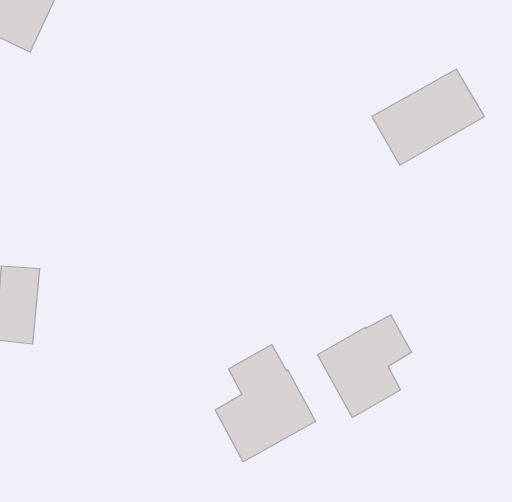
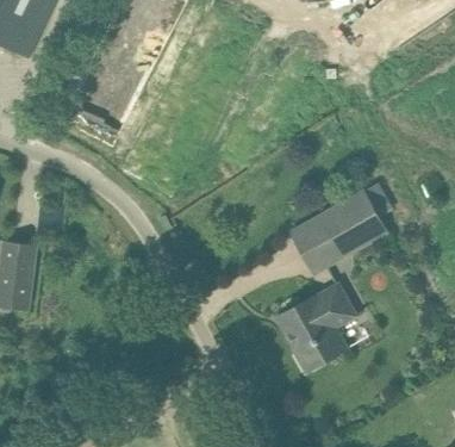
building: [372,69,484,165] -> [289,191,386,273]
building: [215,345,315,462] -> none

